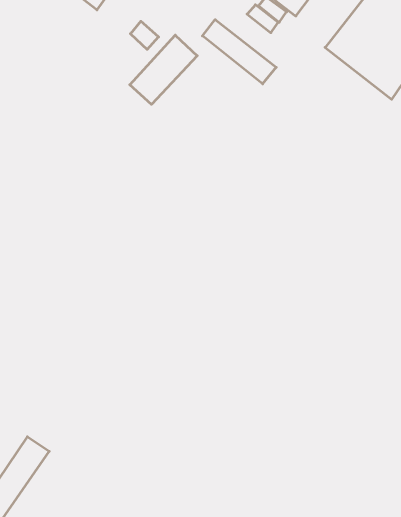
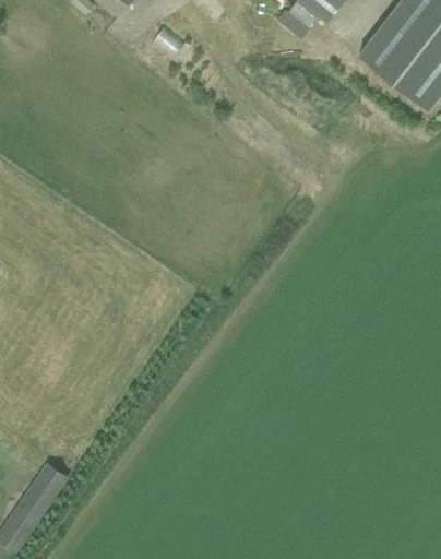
building: [202,20,276,84] -> none
building: [130,35,197,104] -> none

